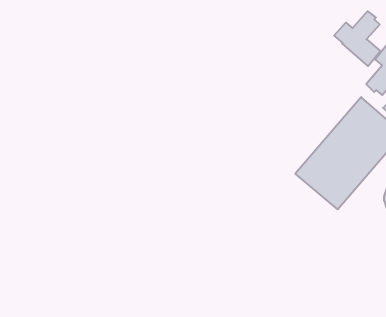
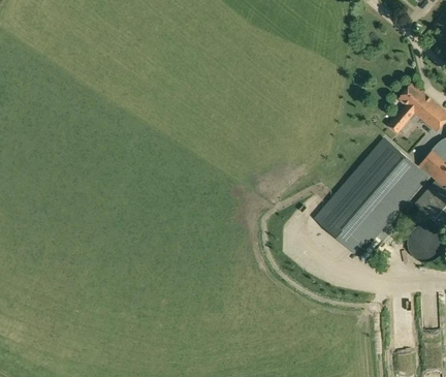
building: [334,11,381,66] -> none

